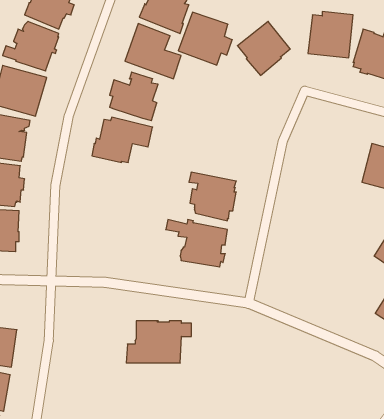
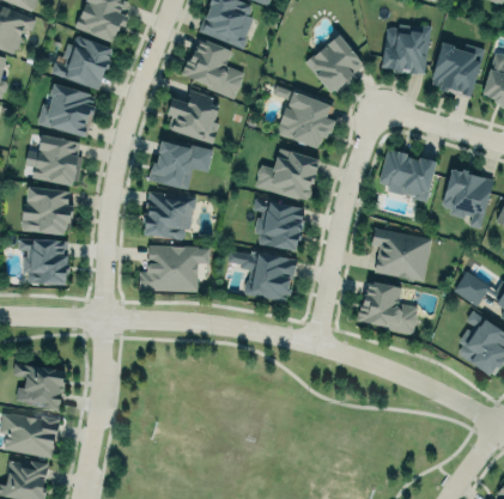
building: [178,12,232,65] -> [277,91,335,148]
building: none -> [255,147,320,201]
building: none -> [378,150,436,200]
building: none -> [142,191,196,239]
building: none -> [371,229,431,281]
building: none -> [359,281,418,333]
building: [126,321,191,363] -> [138,245,208,291]

